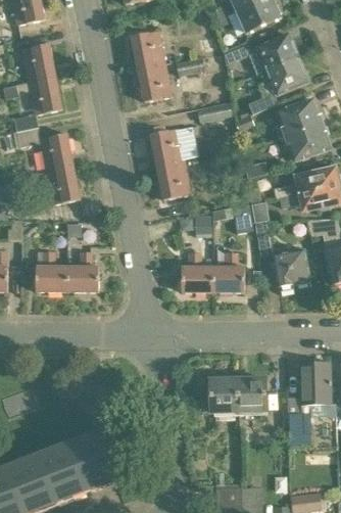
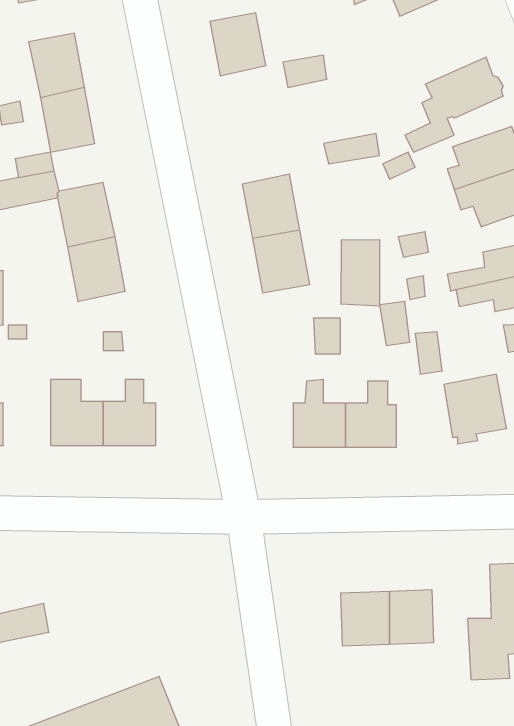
building: [224,34,298,76] -> none
building: [138,62,173,101] -> none
building: none -> [341,240,379,306]

